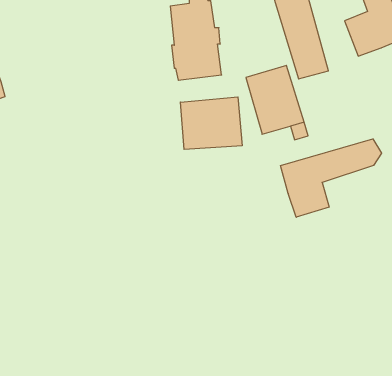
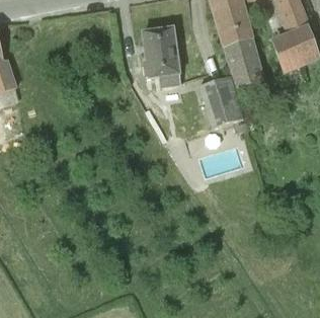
building: [180,97,242,149] -> none
building: [281,139,382,217] -> none

